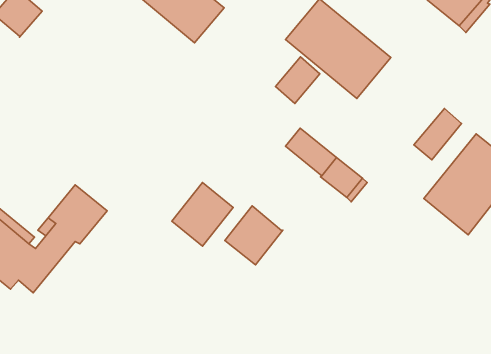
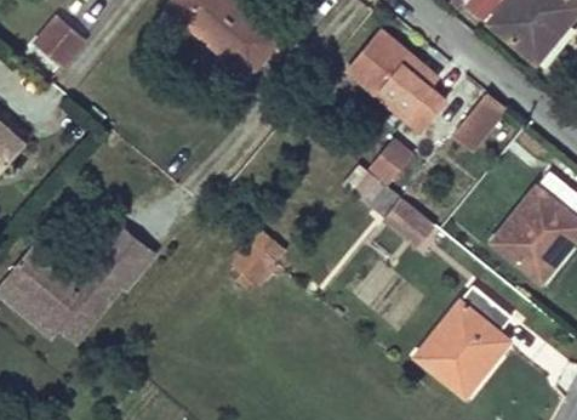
building: [276,57,320,104] -> [369,135,416,185]
building: [414,109,461,160] -> [452,95,503,149]
building: [225,206,283,265] -> none
building: none -> [417,286,510,395]

